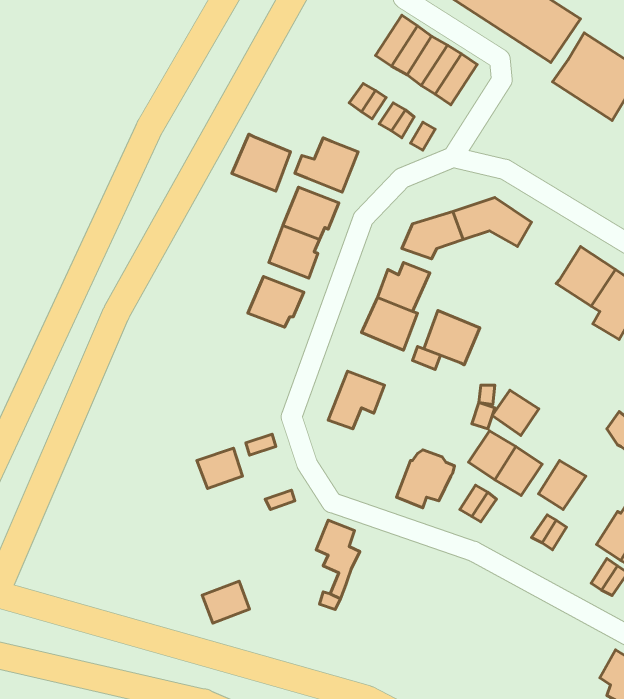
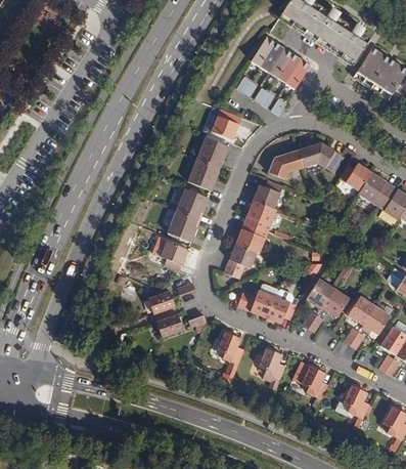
building: [232,134,290,191] -> none
building: none -> [339,163,371,190]
building: [424,310,480,365] -> [235,221,268,253]
building: none -> [168,210,198,242]
building: none -> [163,240,189,270]
building: [492,390,539,436] -> none
building: none -> [235,284,276,317]
building: none -> [361,305,389,335]
building: none -> [259,348,284,390]
building: none -> [301,365,326,398]
building: [202,581,250,623] -> [157,313,185,338]
building: none -> [334,385,368,428]

